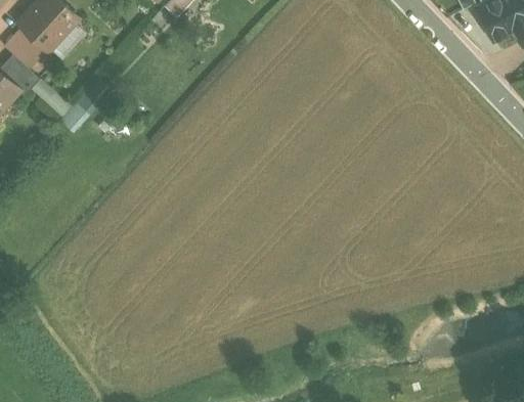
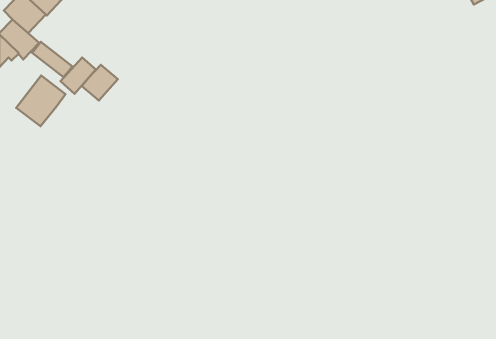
building: none -> [82,65,118,101]
building: none -> [16,76,65,126]

